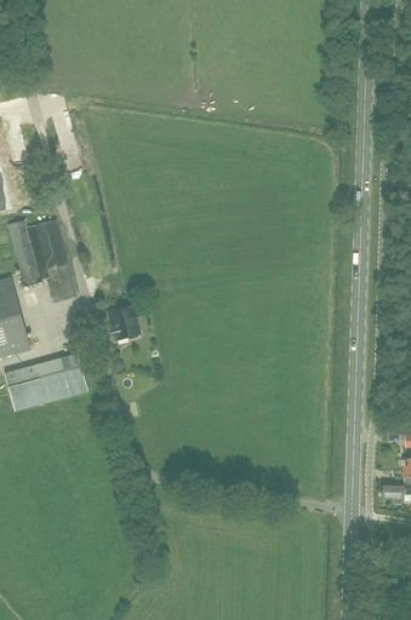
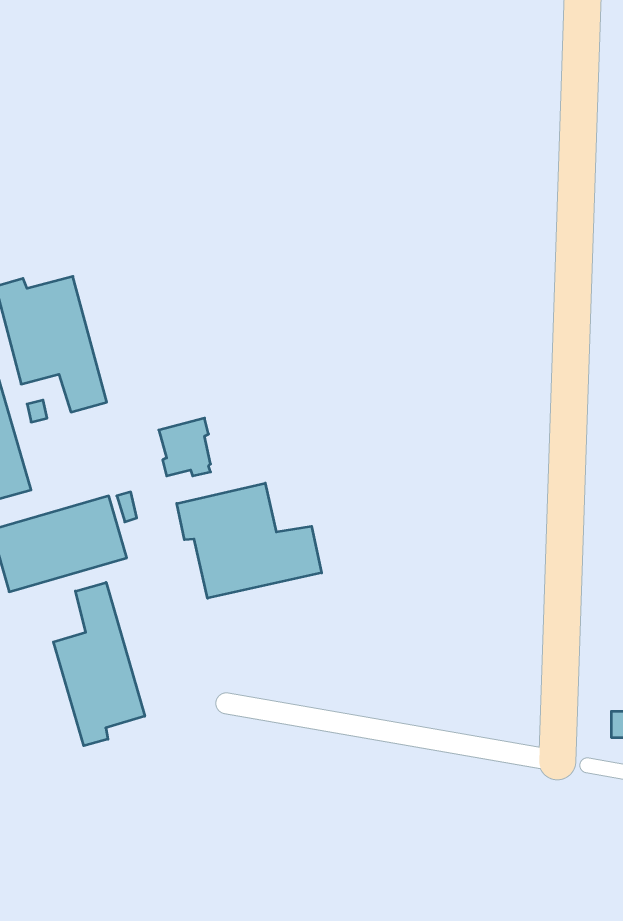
building: none -> [177,483,322,598]
building: none -> [53,582,145,746]

